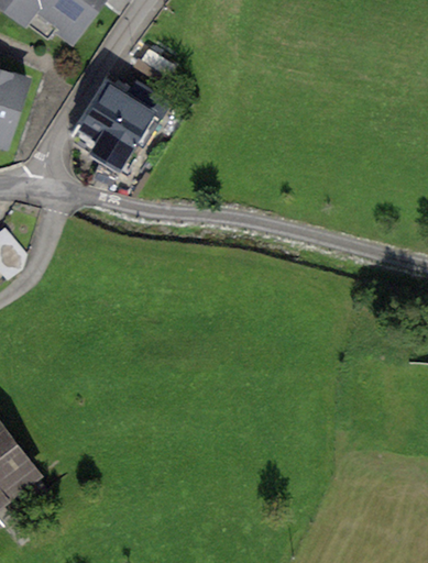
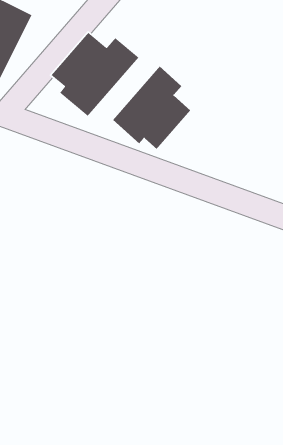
building: none -> [112,66,191,150]

